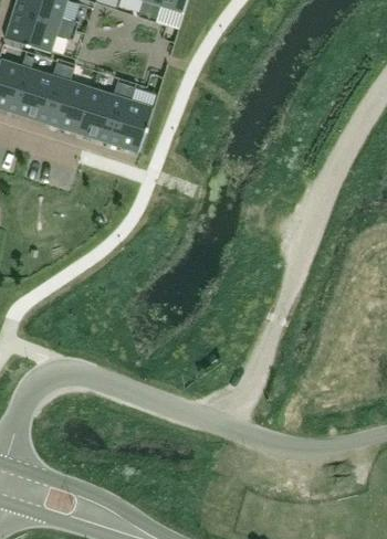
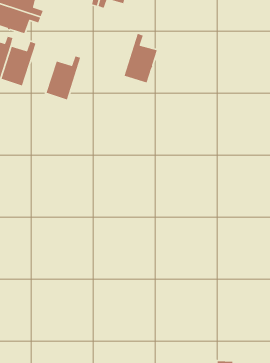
building: [46,65,92,133] -> none
building: [107,84,154,152] -> [123,33,158,83]

